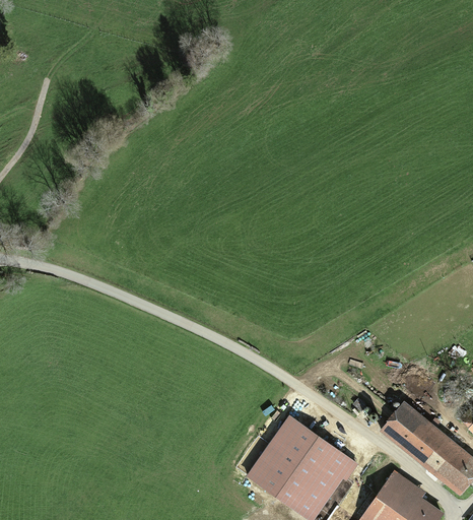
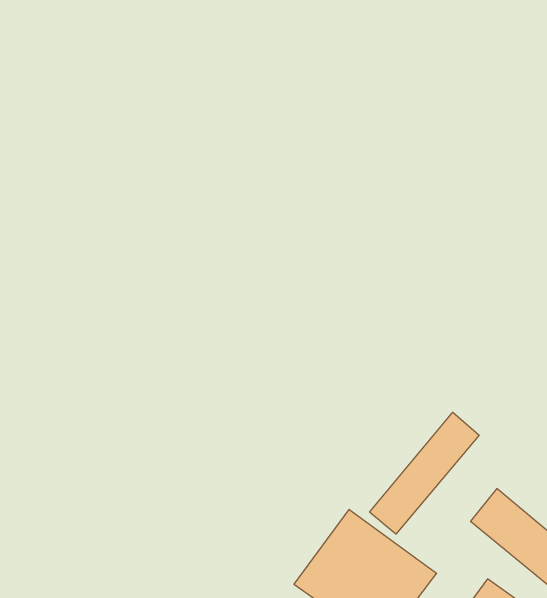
building: none -> [370,412,479,534]

